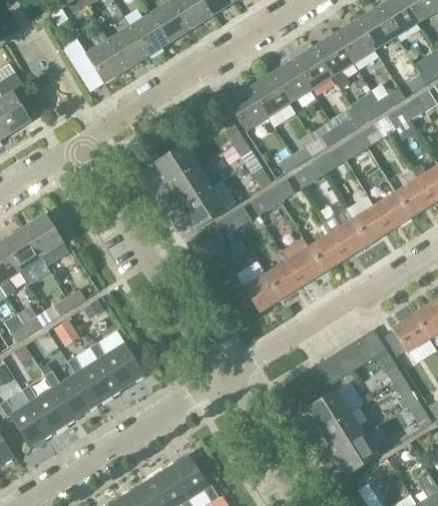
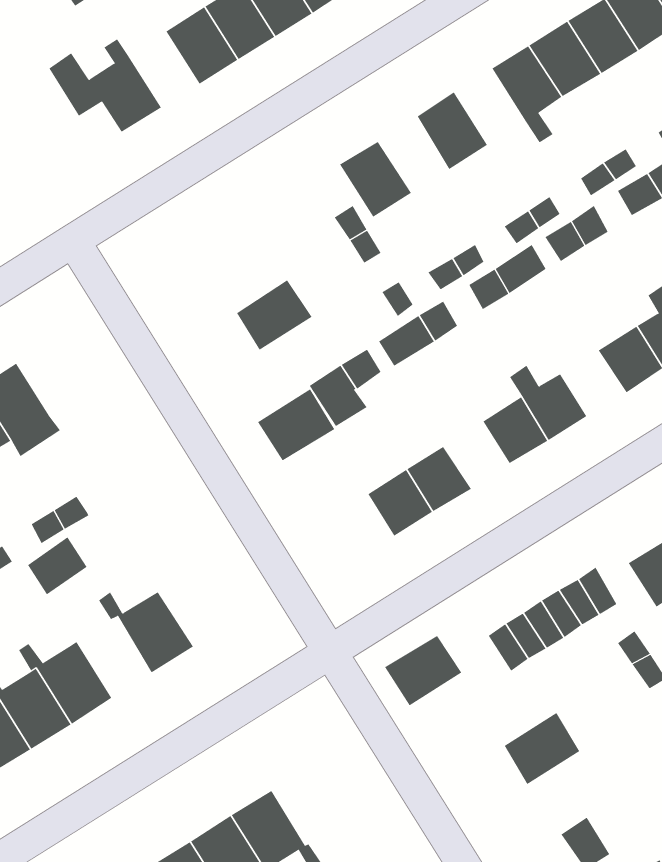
building: [107,26,147,69] -> none
building: [292,47,332,90] -> none
building: [249,74,289,117] -> none
building: [154,144,197,185] -> none
building: [181,187,226,228] -> [257,388,335,461]
building: [352,206,389,243] -> none
building: [286,246,323,285] -> none
building: [68,357,120,403] -> none
building: [306,390,350,430] -> [384,635,462,706]
building: [333,433,377,474] -> none

